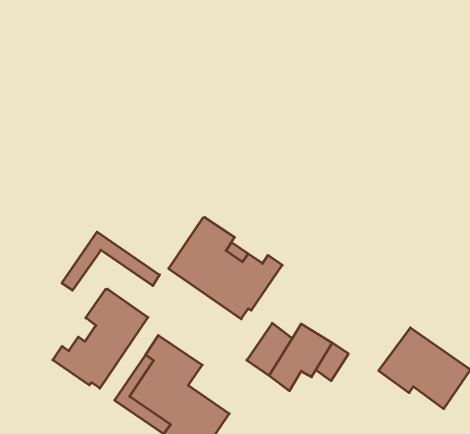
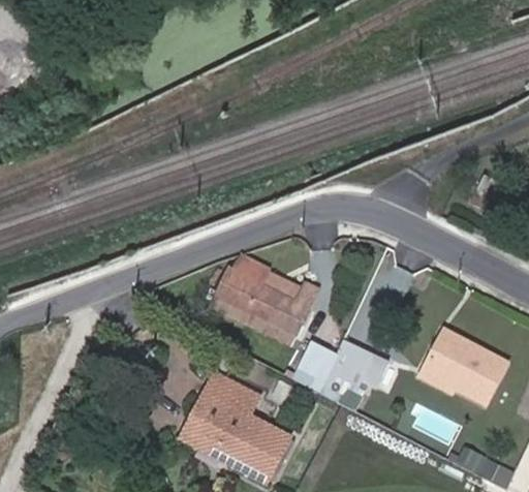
building: [62,232,160,290] -> none
building: [53,289,148,388] -> none

